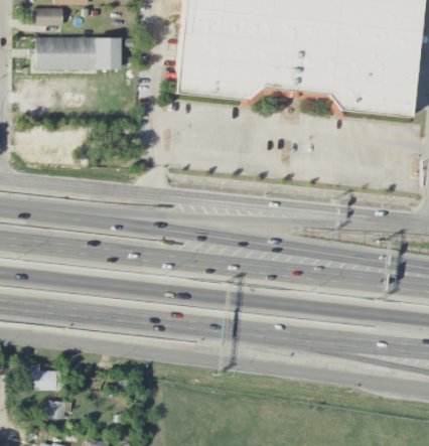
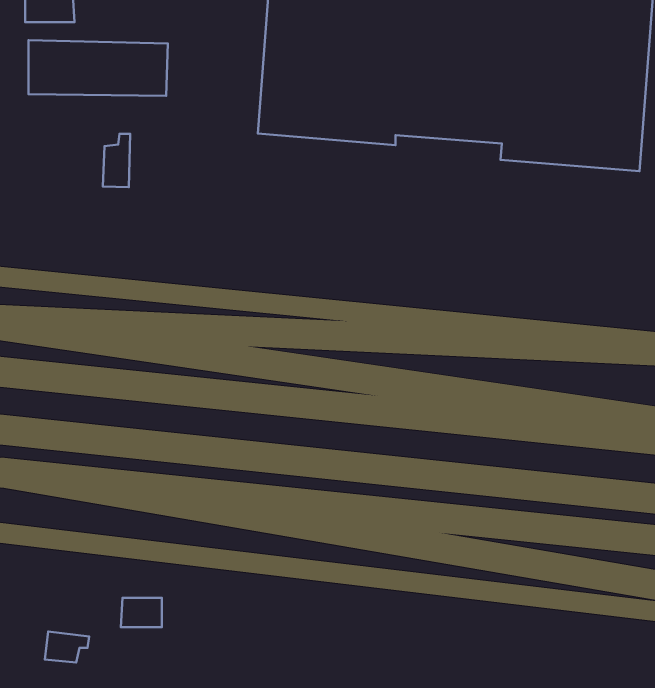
building: none -> [103,134,130,187]
building: [34,371,59,390] -> [121,598,162,627]

